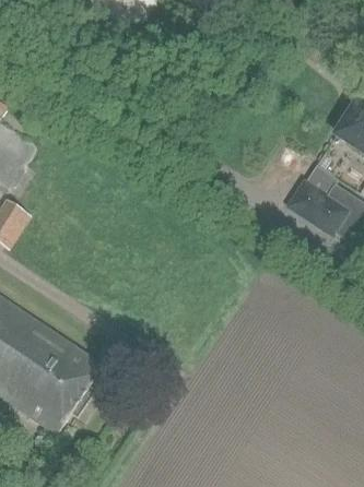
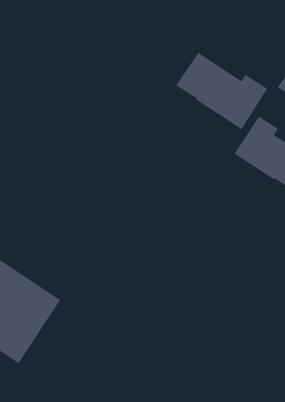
building: none -> [175,52,268,130]

